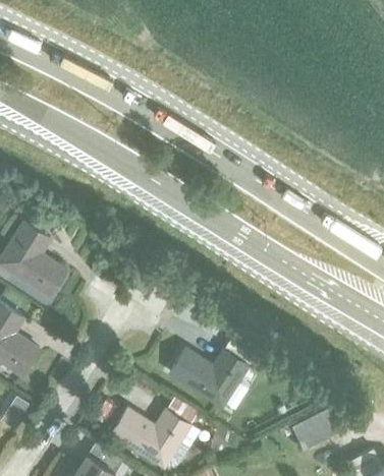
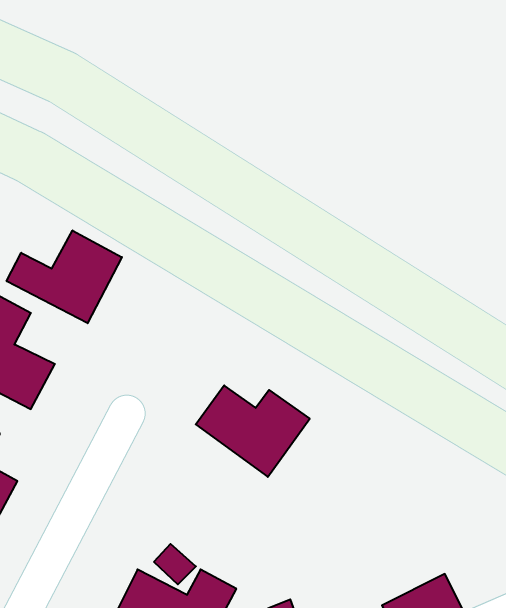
building: none -> [7,230,122,323]
building: [170,345,248,407] -> [196,385,310,477]

